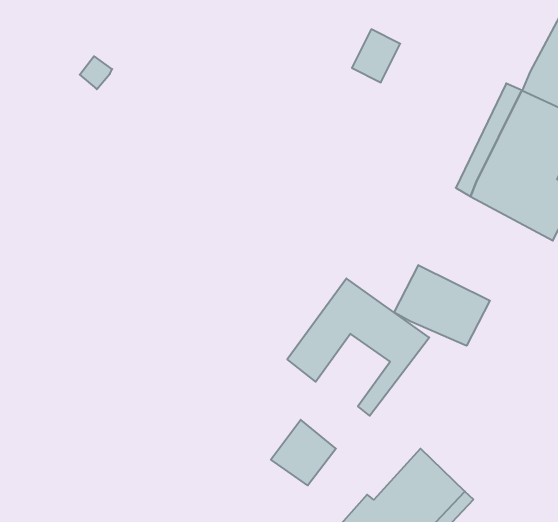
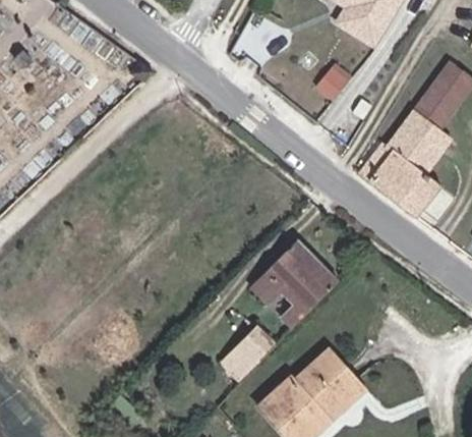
building: [394,265,490,346] -> none

